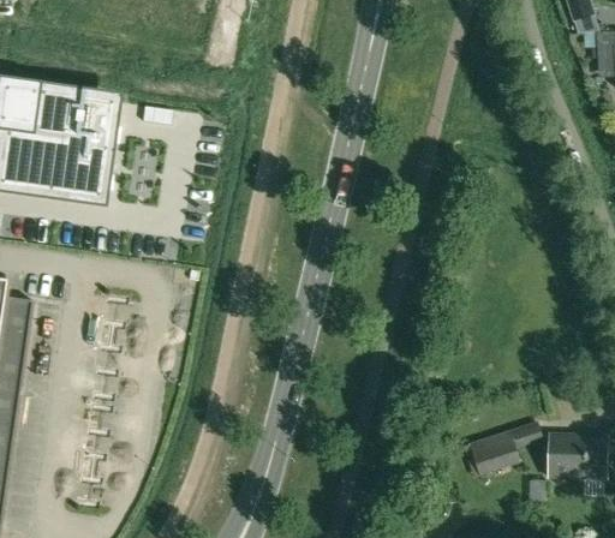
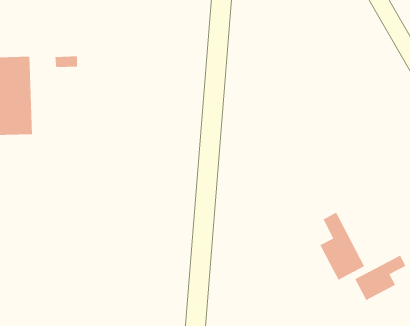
building: none -> [319,211,365,281]

